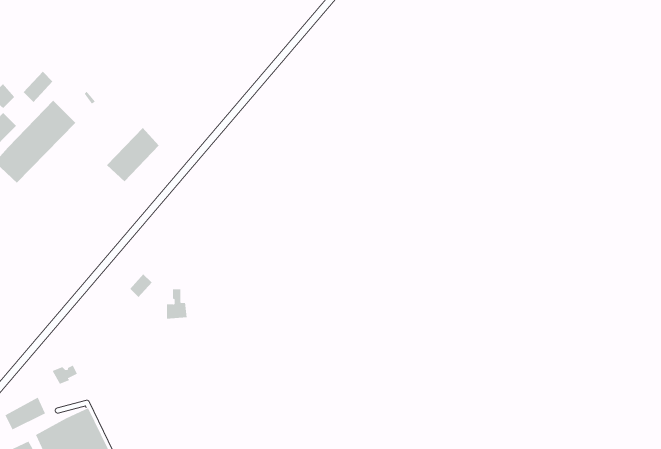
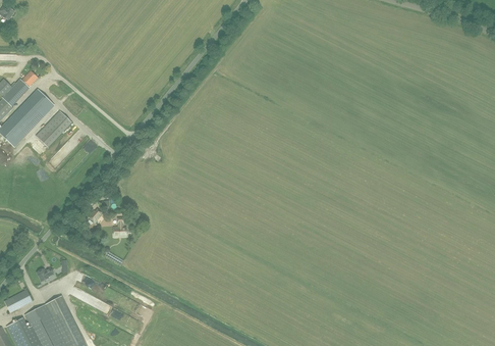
building: [106,127,159,182] -> [36,110,71,147]

